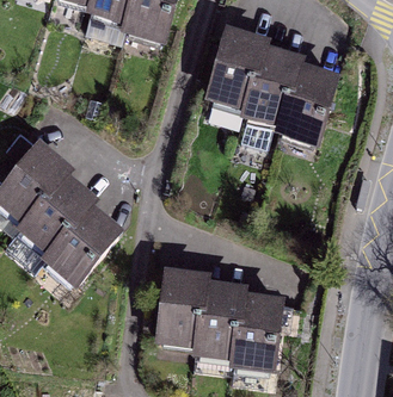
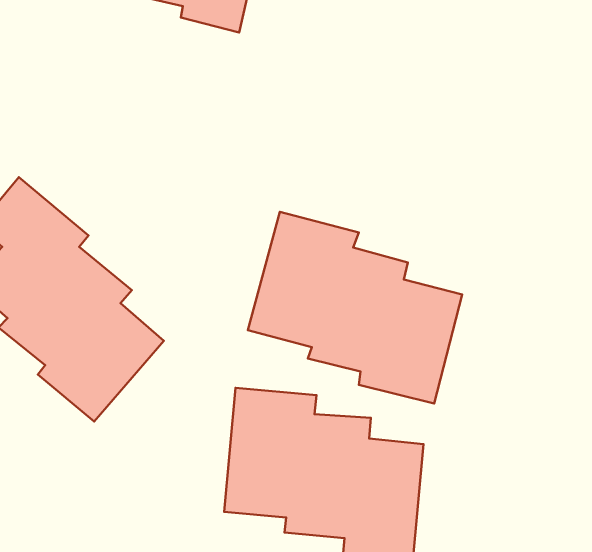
building: [203,26,339,148] -> [248,212,462,403]

